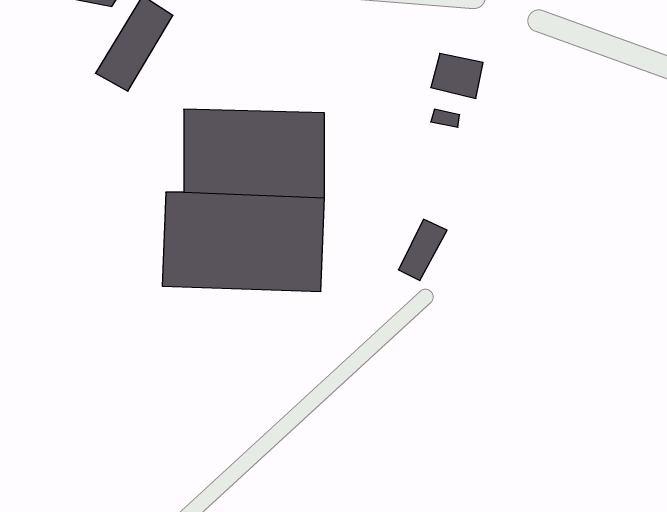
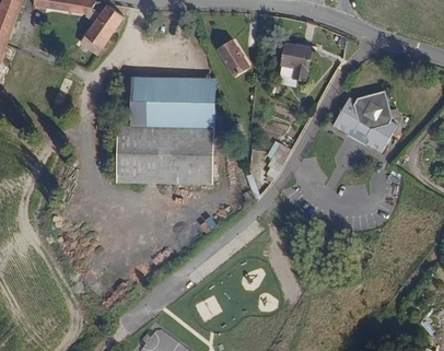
building: none -> [217,43,248,78]
building: none -> [331,91,397,153]

